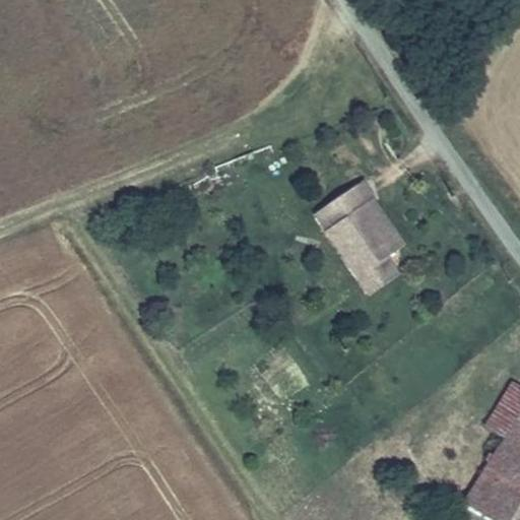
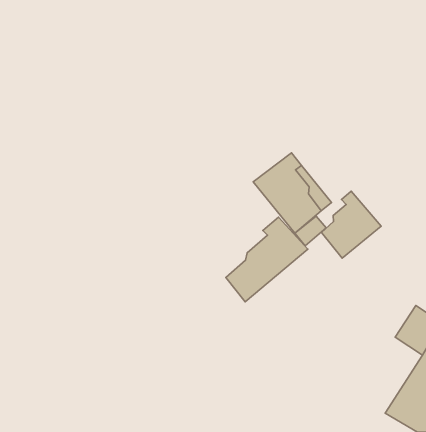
building: none -> [321,191,381,258]
building: none -> [226,217,308,302]

